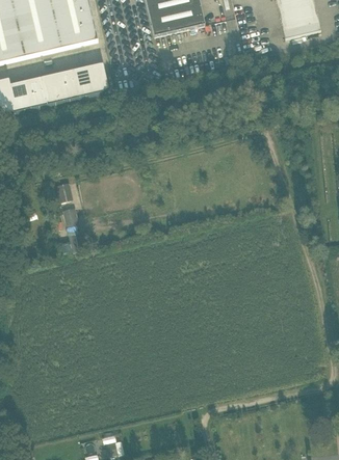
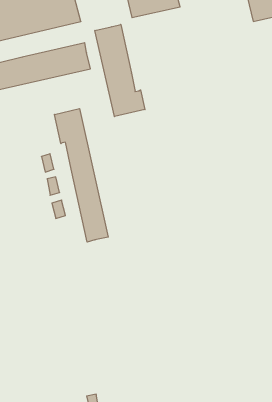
building: none -> [95,24,145,117]
building: none -> [54,109,108,242]

